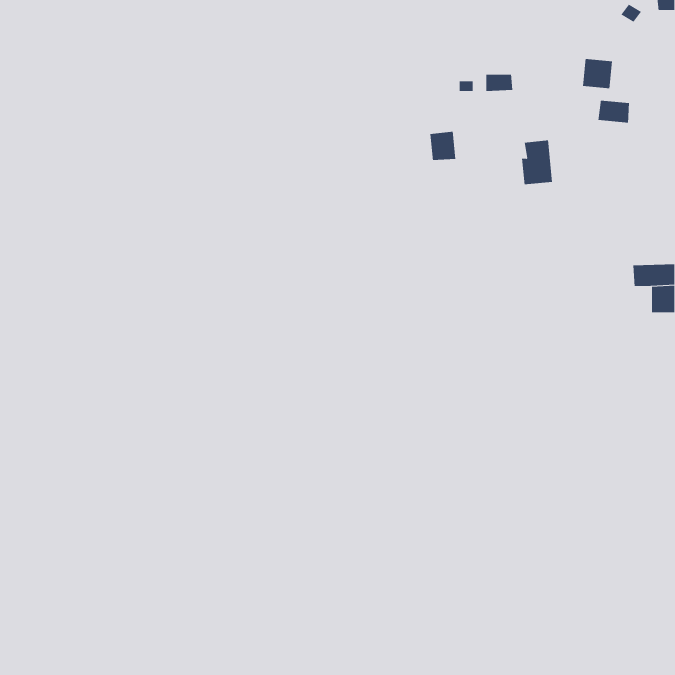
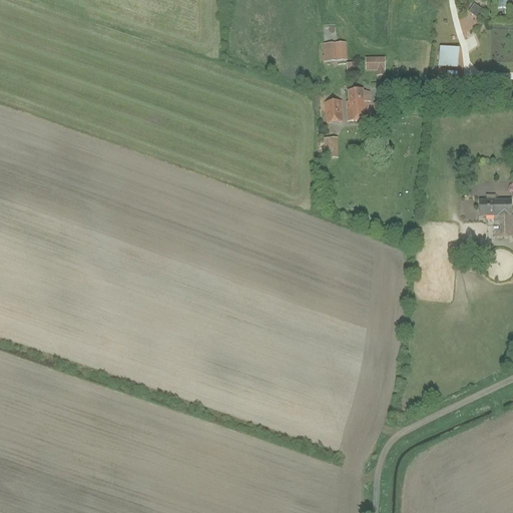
building: none -> [325,40,348,60]
building: [598,100,630,124] -> none
building: [521,140,553,185] -> [346,86,370,120]

